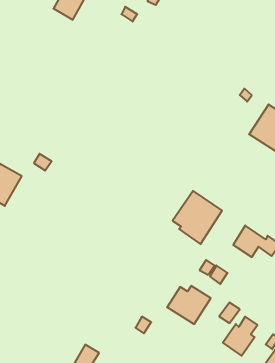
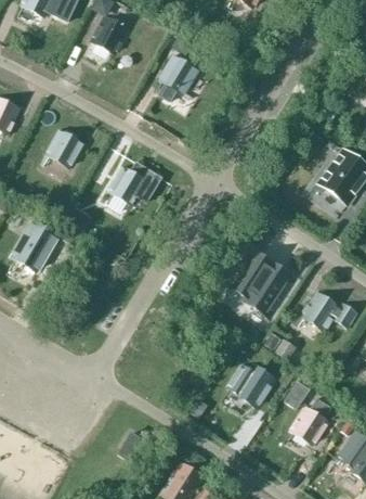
building: none -> [159,55,197,100]
building: none -> [47,130,82,166]
building: none -> [110,163,162,203]

